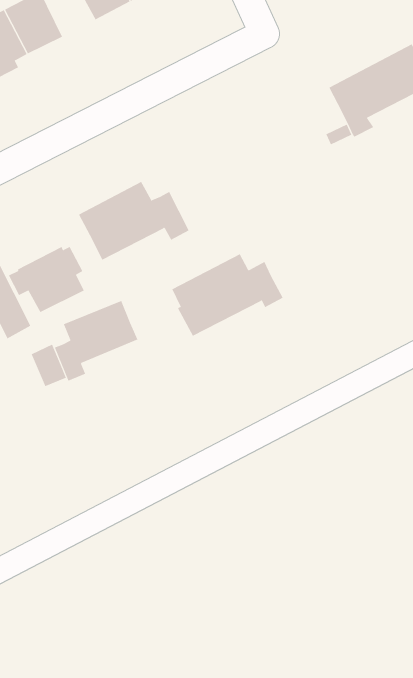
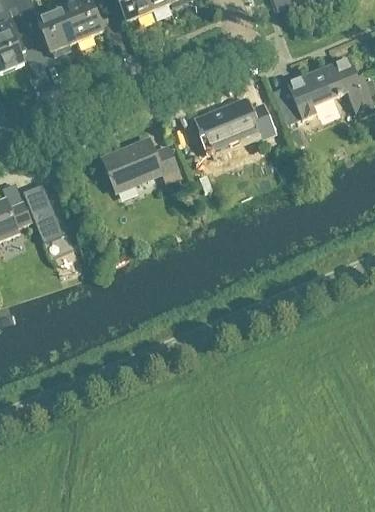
building: [8,246,84,313] -> none
building: [171,253,284,337] -> [196,97,275,153]
building: [54,300,138,381] -> none

